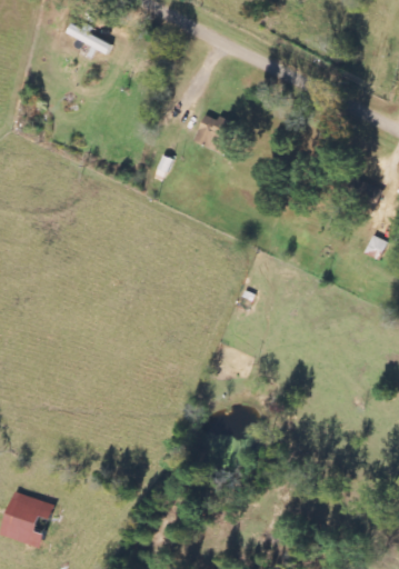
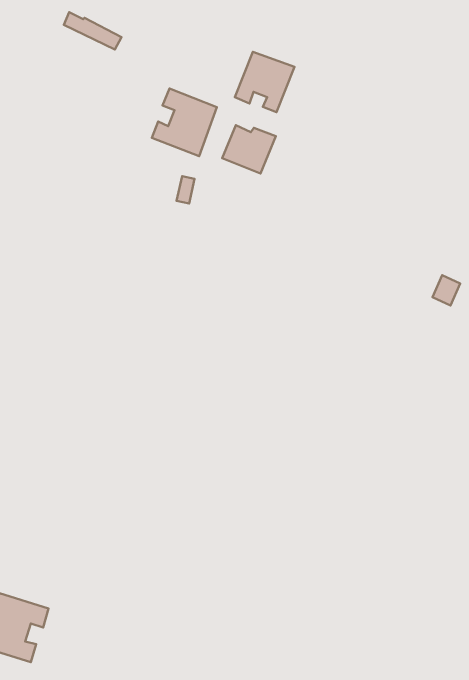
building: none -> [235,52,294,112]
building: none -> [152,89,217,156]

